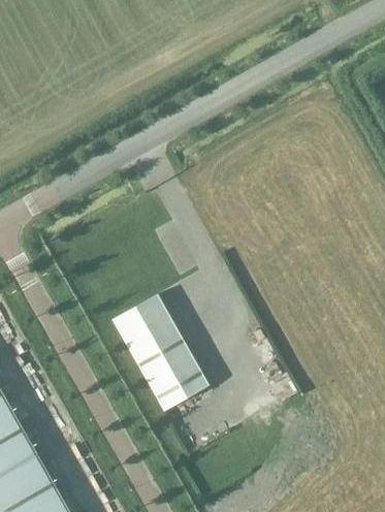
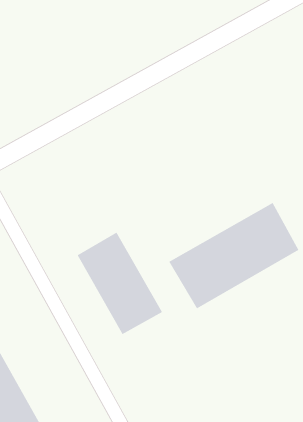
building: none -> [169,202,299,309]

